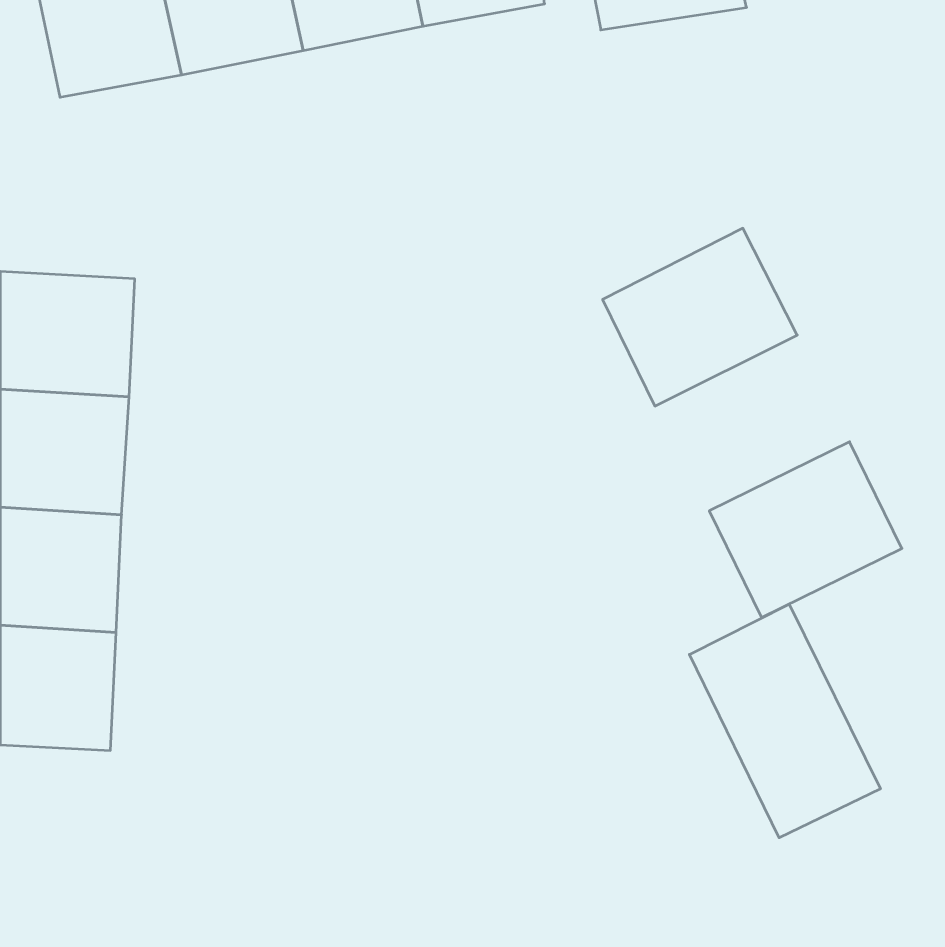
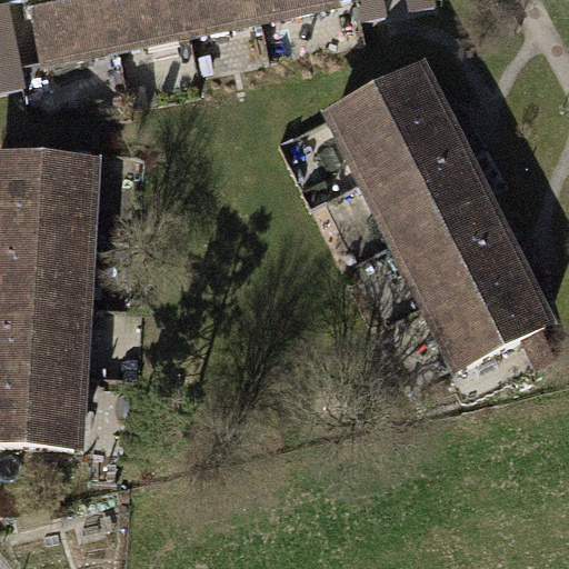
building: none -> [333,72,448,178]
building: none -> [396,199,511,303]
building: [689,604,880,838] -> none

